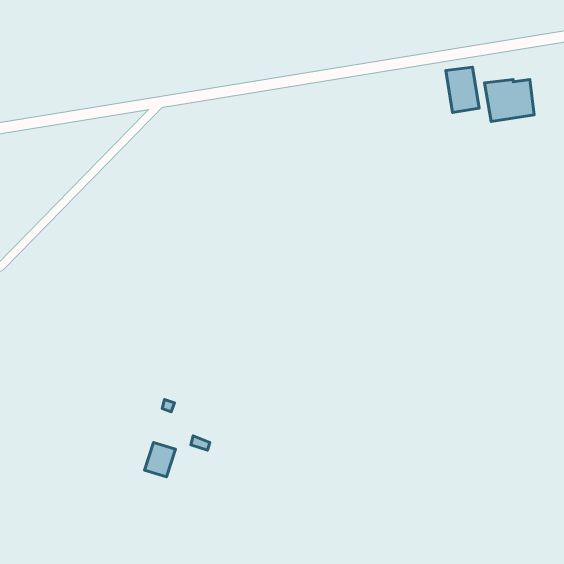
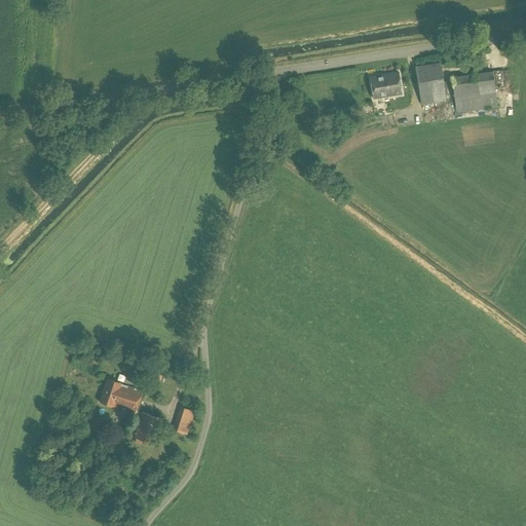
building: none -> [370,72,402,99]
building: none -> [100,379,143,414]

